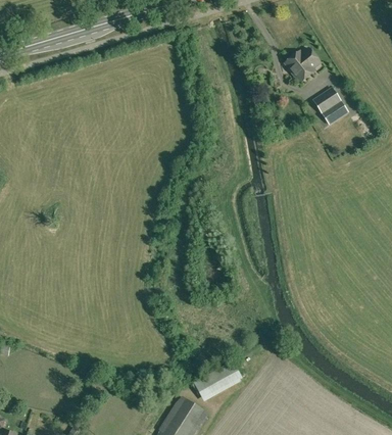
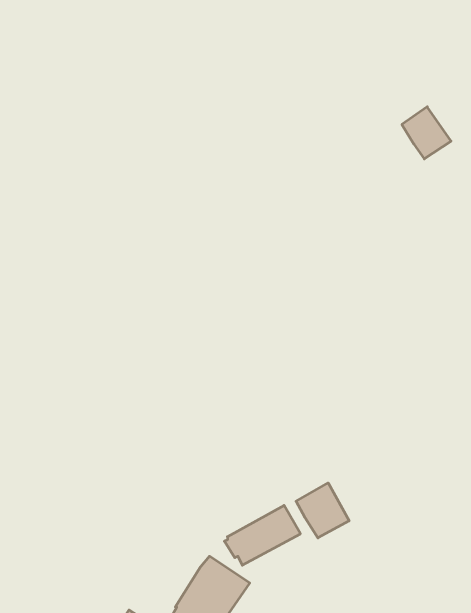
building: [285,48,321,82] -> none
building: none -> [296,483,349,538]

